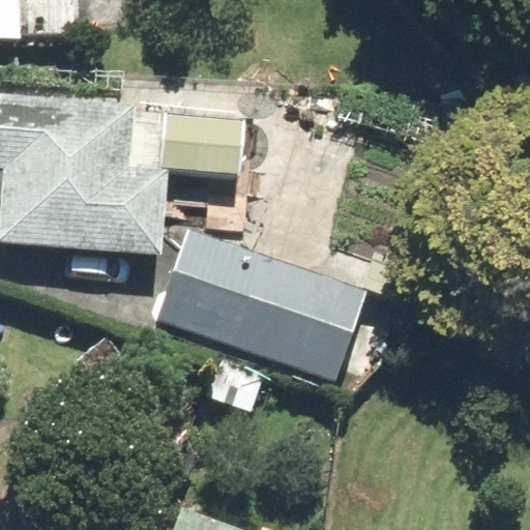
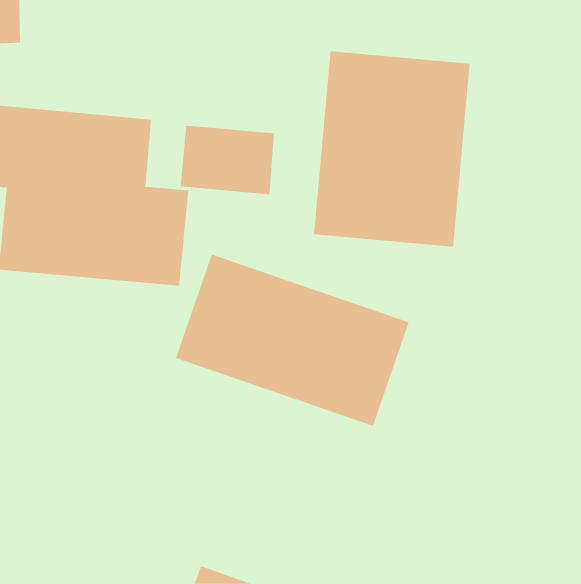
building: none -> [314,51,470,247]

